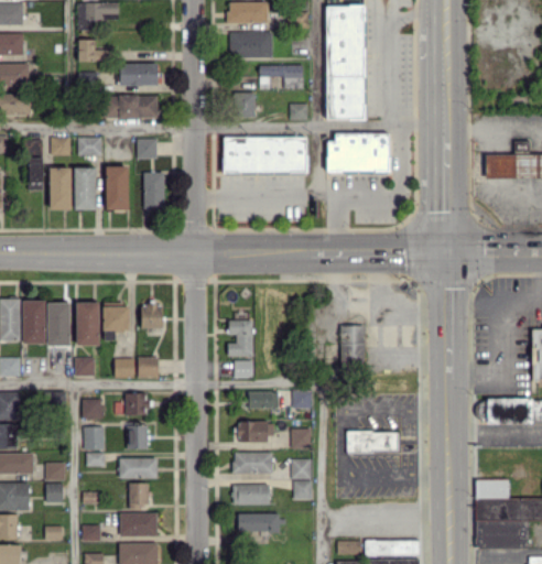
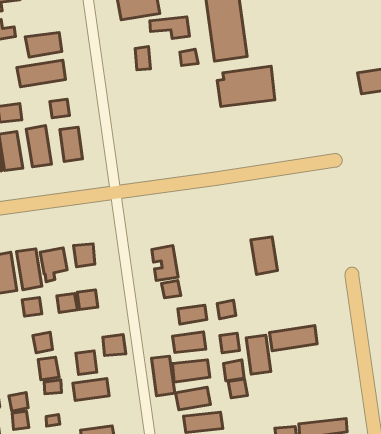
building: [223,135,307,174] -> none
building: [124,393,149,415] -> [103,334,126,356]
building: none -> [246,335,271,374]
building: none -> [151,356,175,396]
building: [129,482,149,509] -> none

